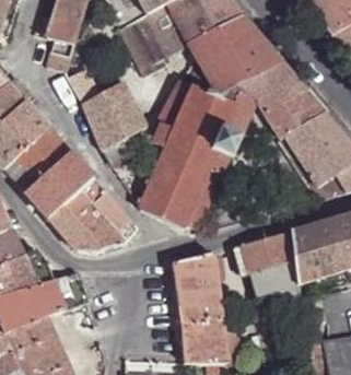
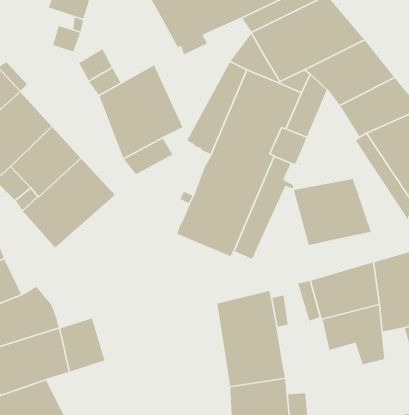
building: none -> [293,178,372,246]
building: [49,179,138,251] -> none

